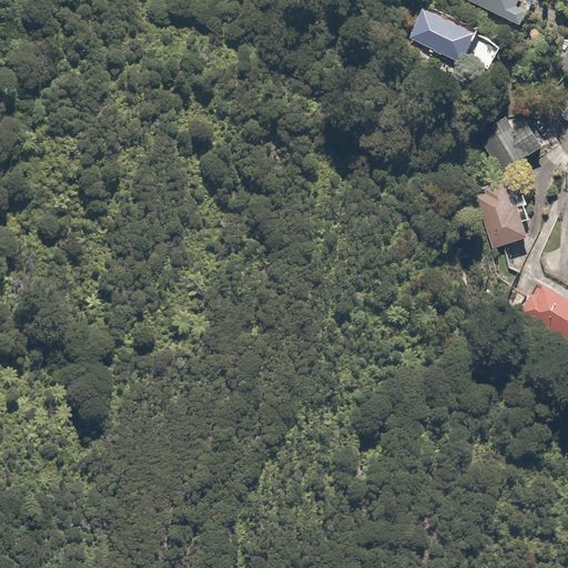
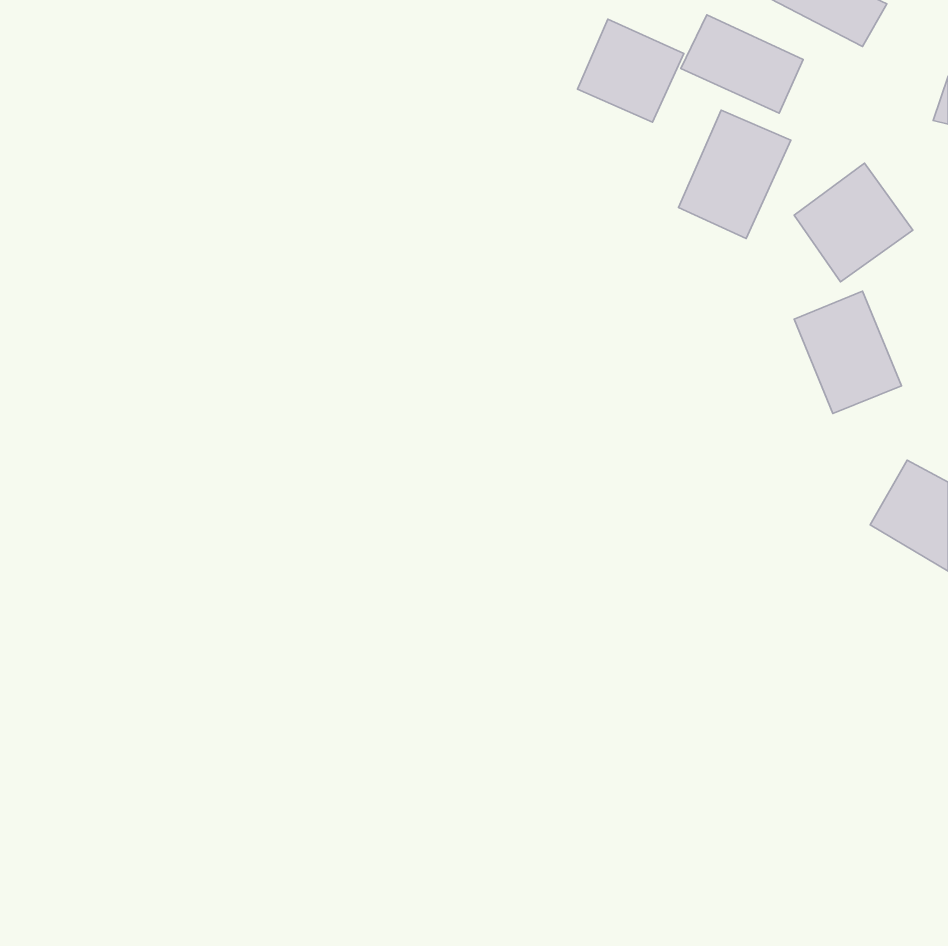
building: none -> [577,19,684,122]
building: none -> [678,110,791,238]

